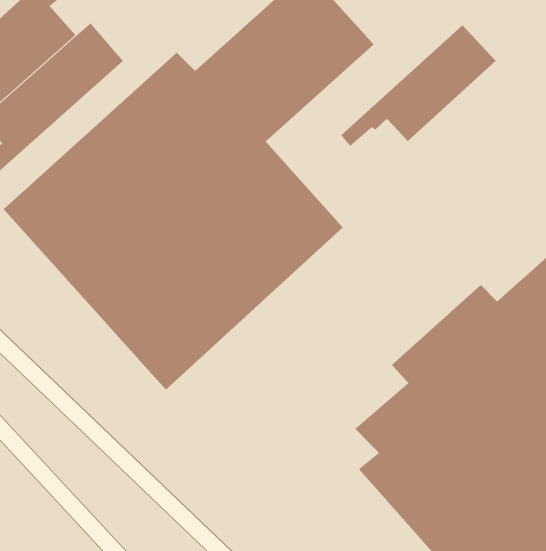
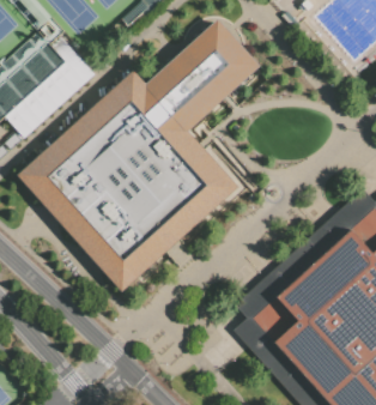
building: [340,24,497,147] -> none

